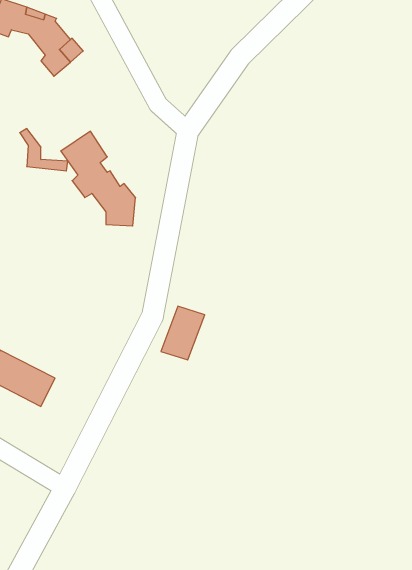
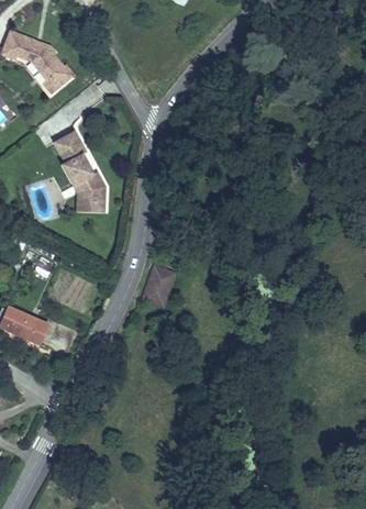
building: [20,129,68,171] -> [75,182,112,215]

